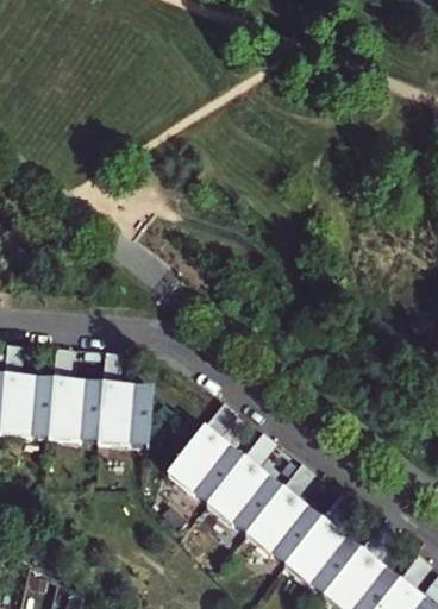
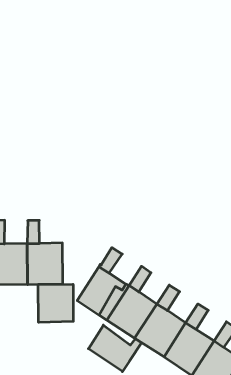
building: none -> [38,284,73,322]
building: none -> [88,325,141,372]

